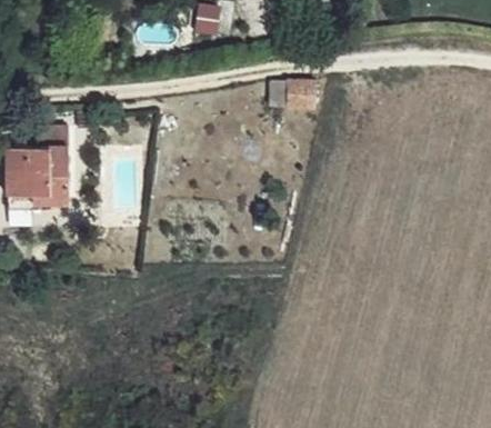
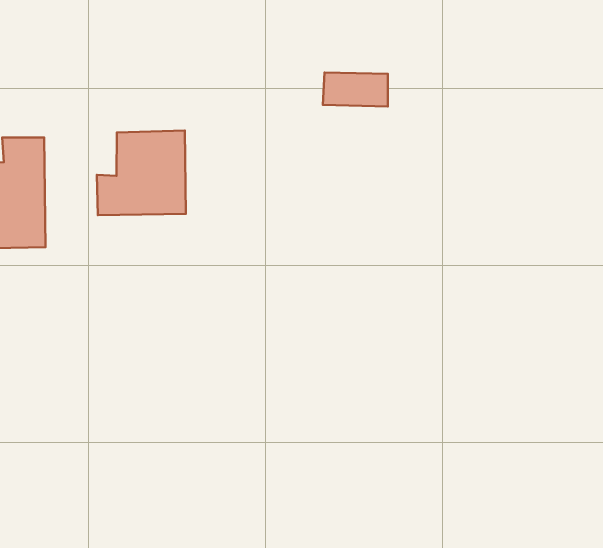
building: none -> [97,131,186,215]

